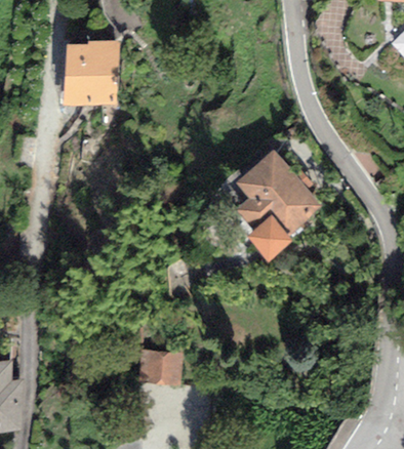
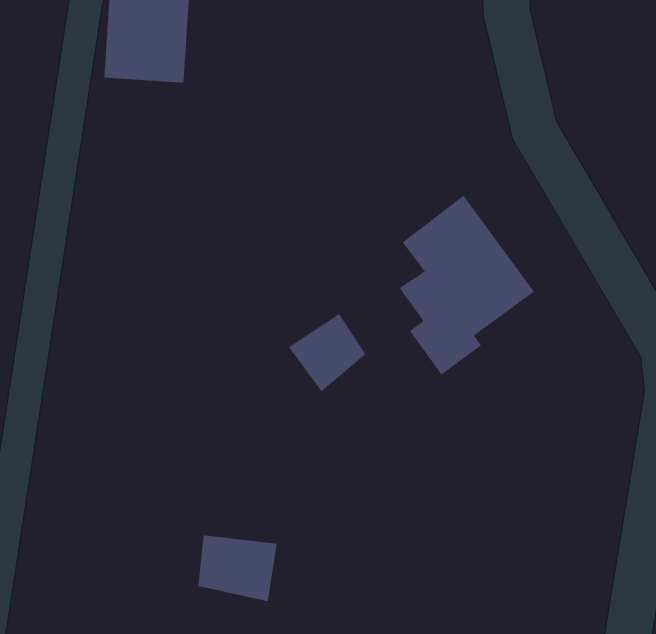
building: none -> [288,313,366,392]

